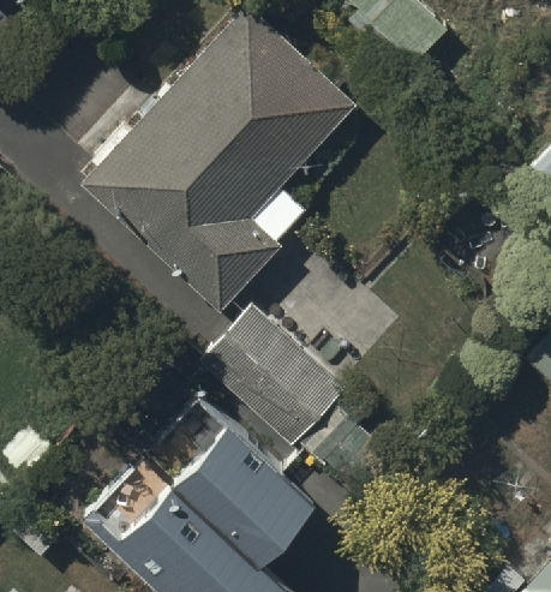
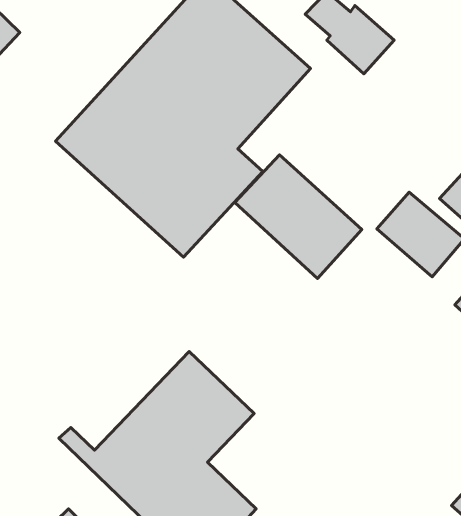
building: [214,295,354,432] -> [235,155,362,278]

